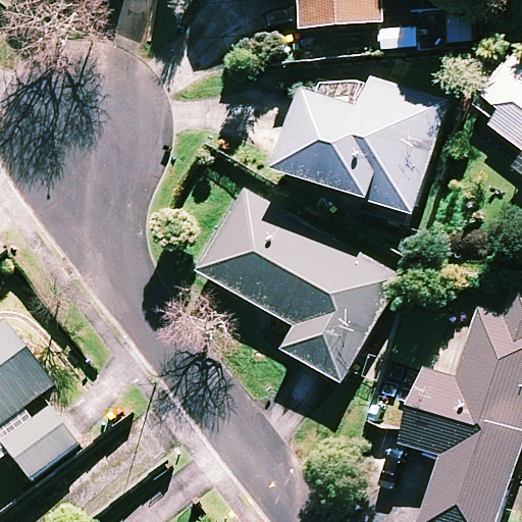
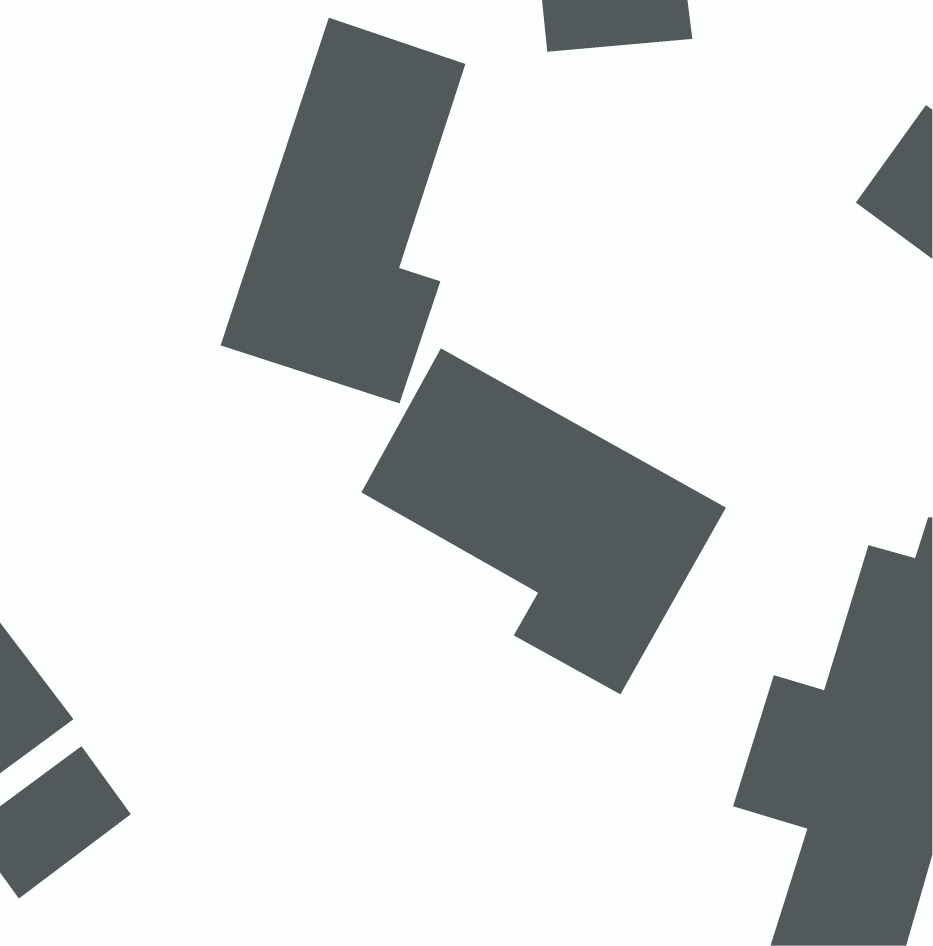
building: none -> [220,17,466,404]
building: [279,80,446,213] -> none

